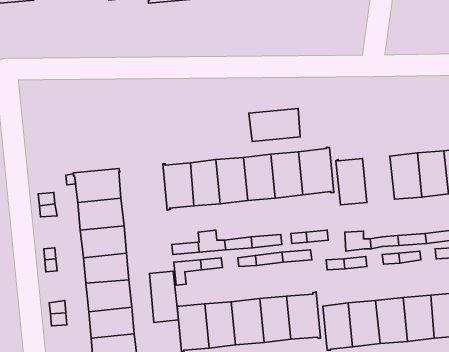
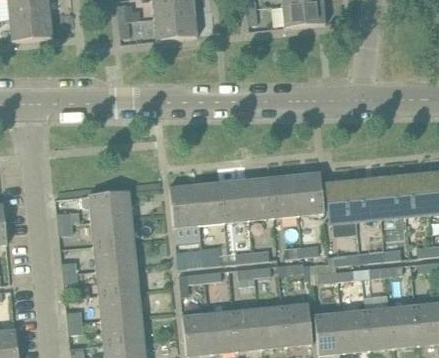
building: [249,108,300,142] -> none
building: none -> [350,179,379,221]
building: [150,271,179,322] -> none

